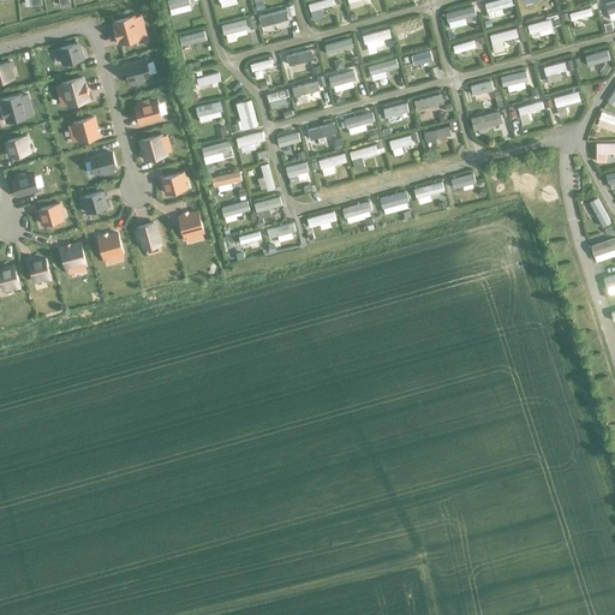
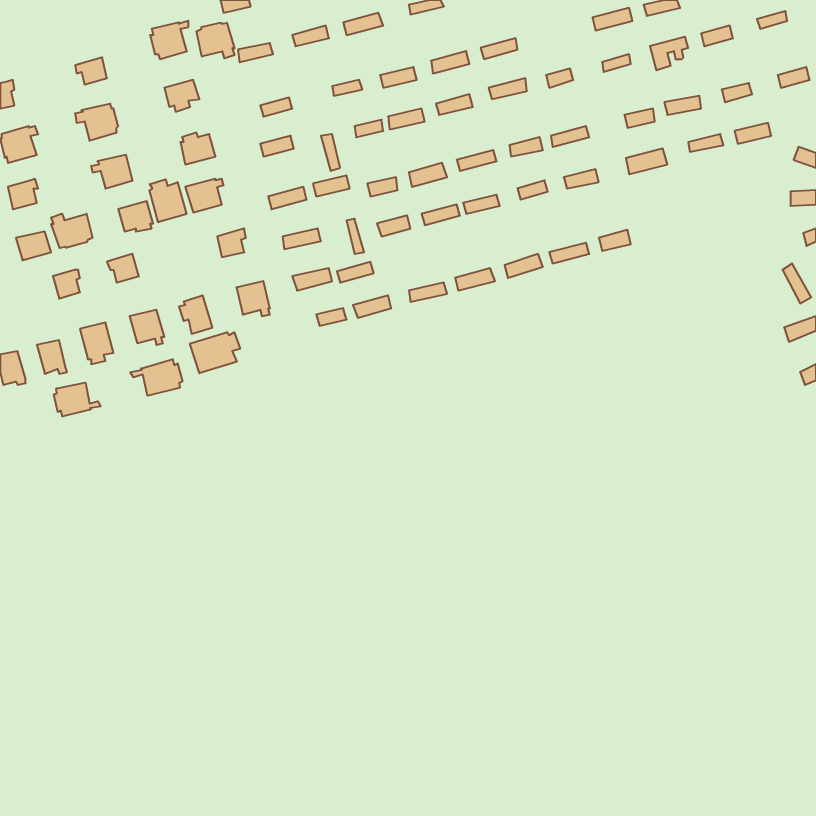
building: none -> [197,23,234,58]
building: none -> [149,179,186,222]
building: none -> [51,214,93,248]
building: none -> [190,332,240,373]
building: none -> [130,359,182,396]
building: none -> [54,383,101,417]

